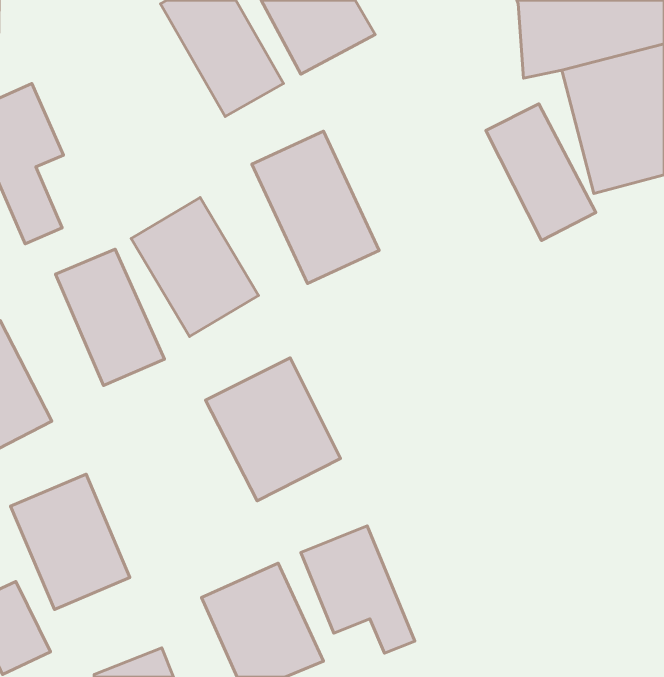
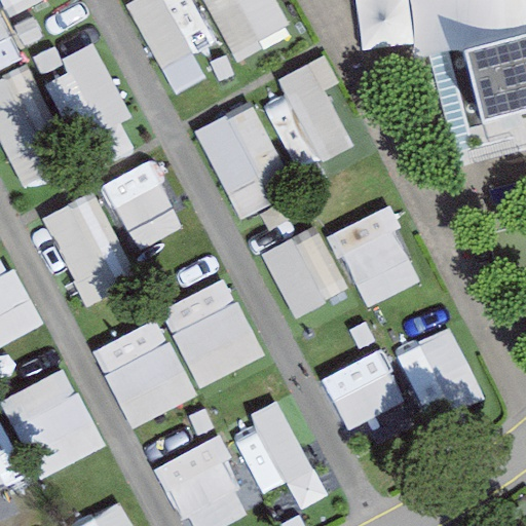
building: none -> [37,40,112,123]
building: [486,104,596,240] -> [272,58,358,163]
building: none -> [329,203,422,306]
building: none -> [261,232,335,317]
building: none -> [93,318,194,426]
building: none -> [337,323,482,450]

